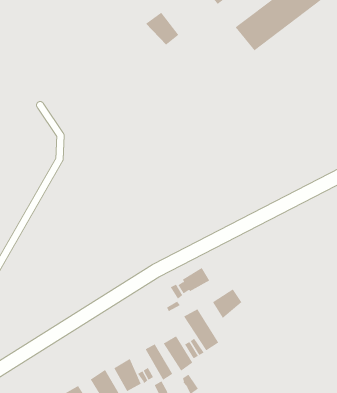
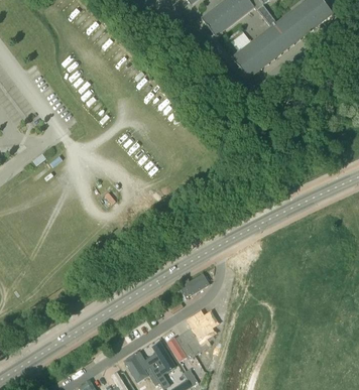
building: [145,12,179,46] -> none
building: [212,288,242,319] -> none

